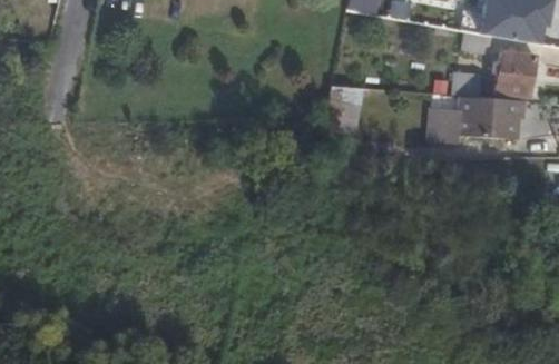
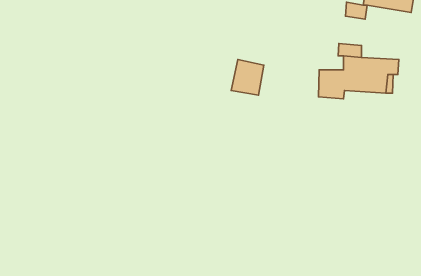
building: [492,49,531,91] -> none

